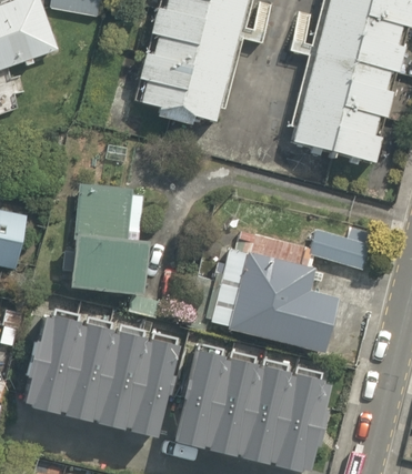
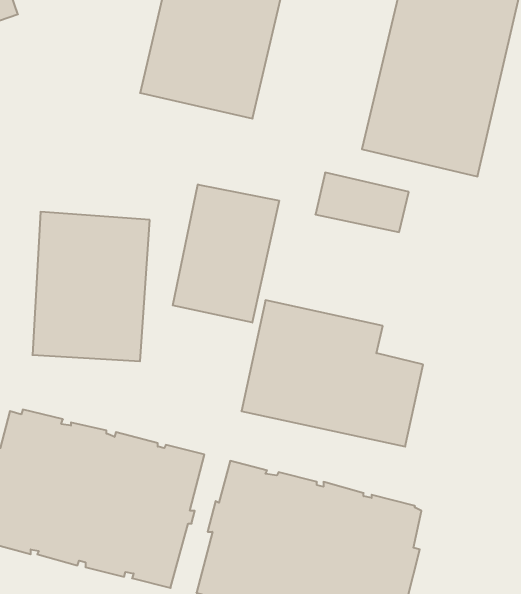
building: none -> [173,184,279,323]
building: [305,225,370,266] -> [315,173,409,232]

